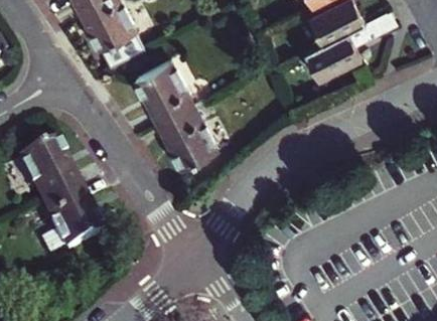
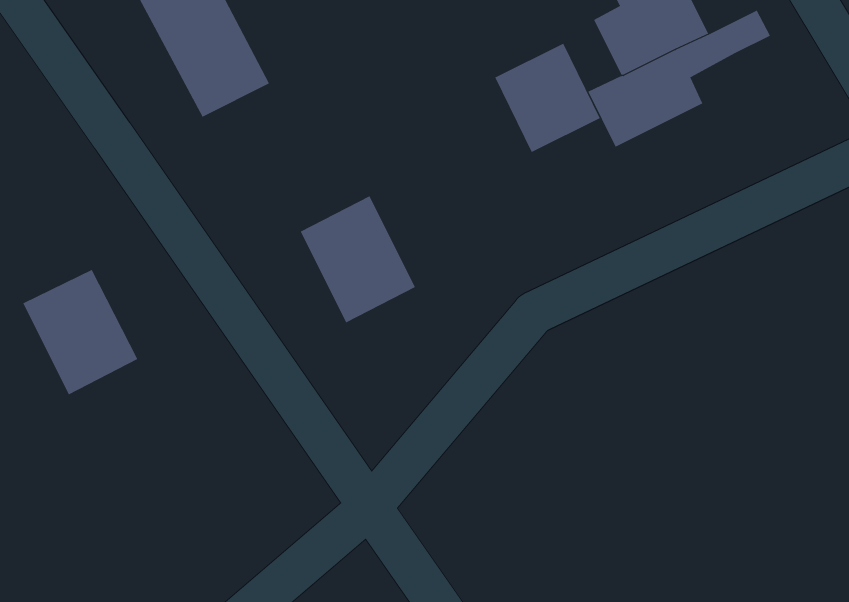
building: none -> [495,43,600,153]
building: [134,59,193,124] -> none
building: [41,188,100,252] -> none

